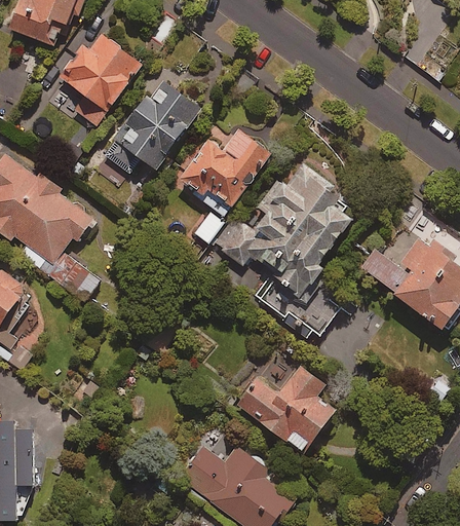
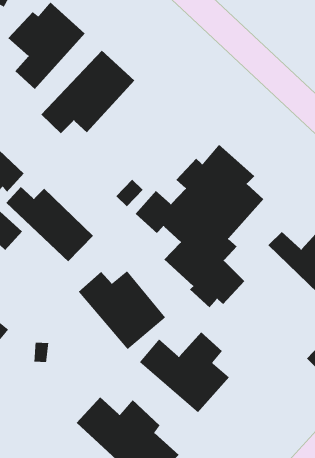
building: [177,128,271,217] -> none
building: none -> [5,186,94,262]
building: none -> [78,270,166,350]

